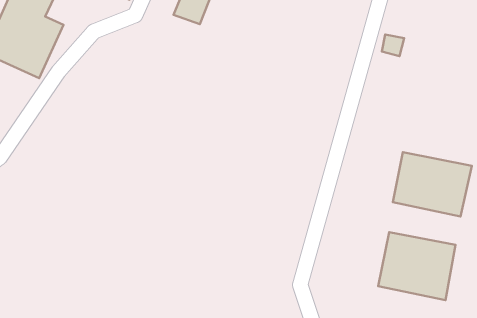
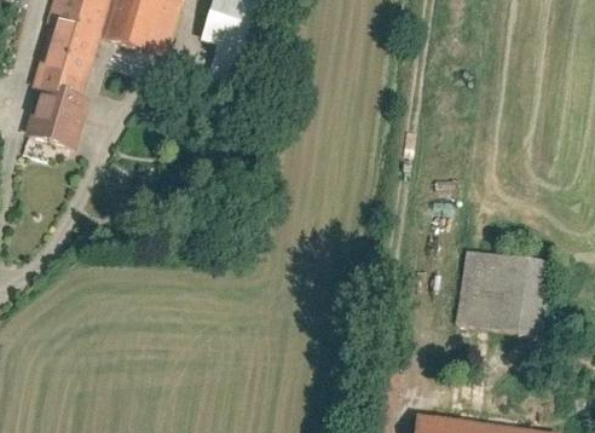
building: [393,152,472,216] -> none

